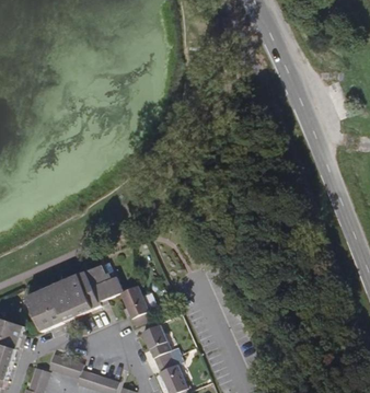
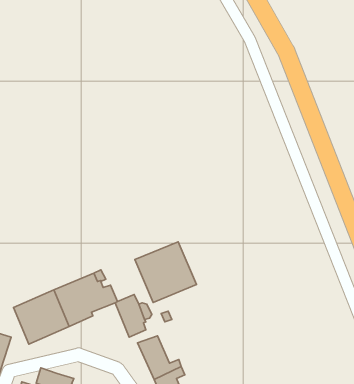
building: none -> [135,242,197,302]

